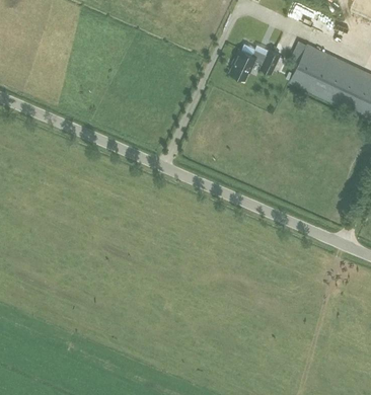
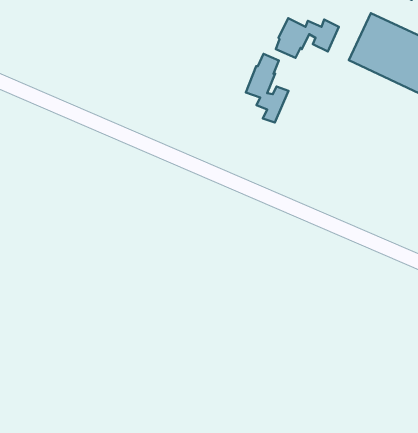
building: none -> [246,54,289,123]

